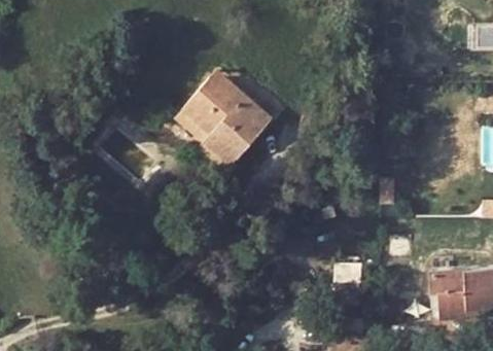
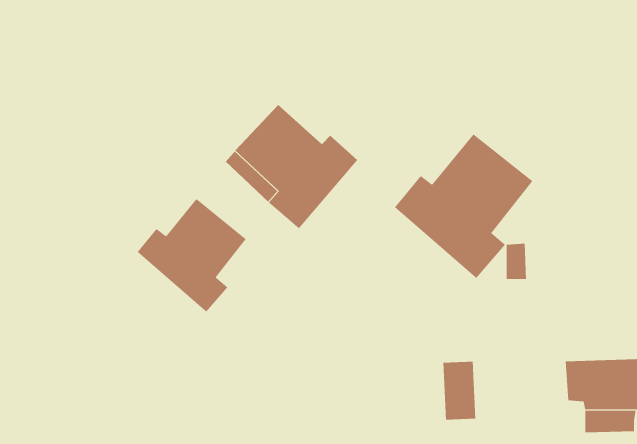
building: none -> [394,133,533,279]
building: none -> [137,198,247,312]

